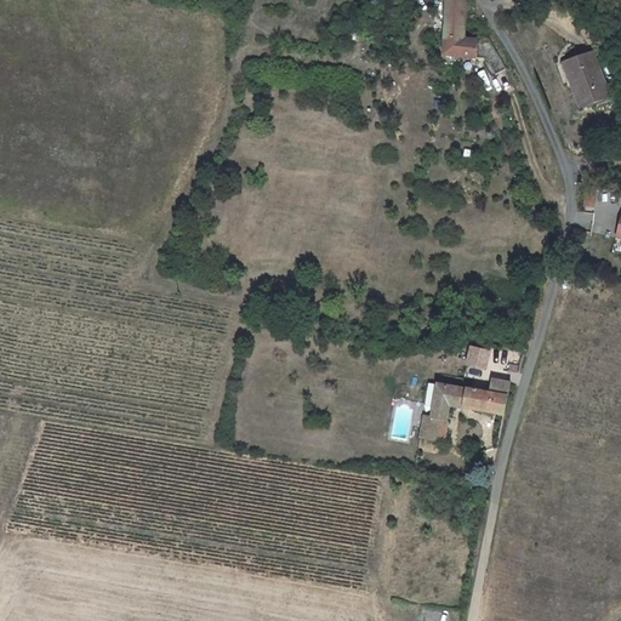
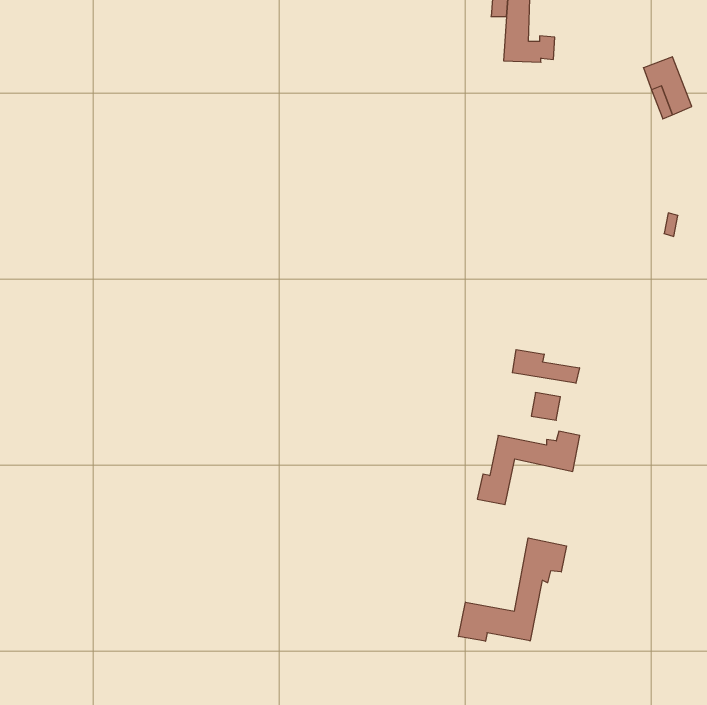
building: none -> [512,350,579,383]
building: none -> [458,538,566,641]

